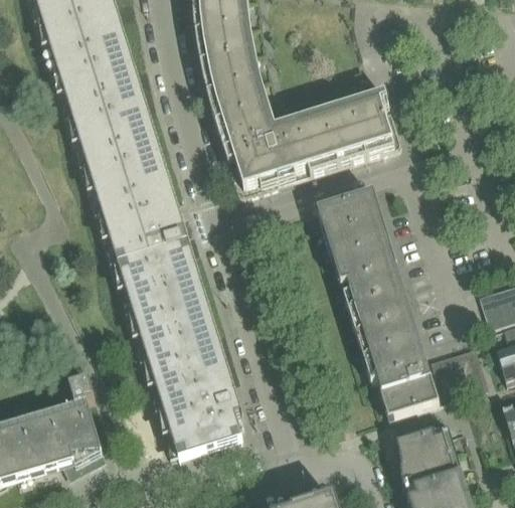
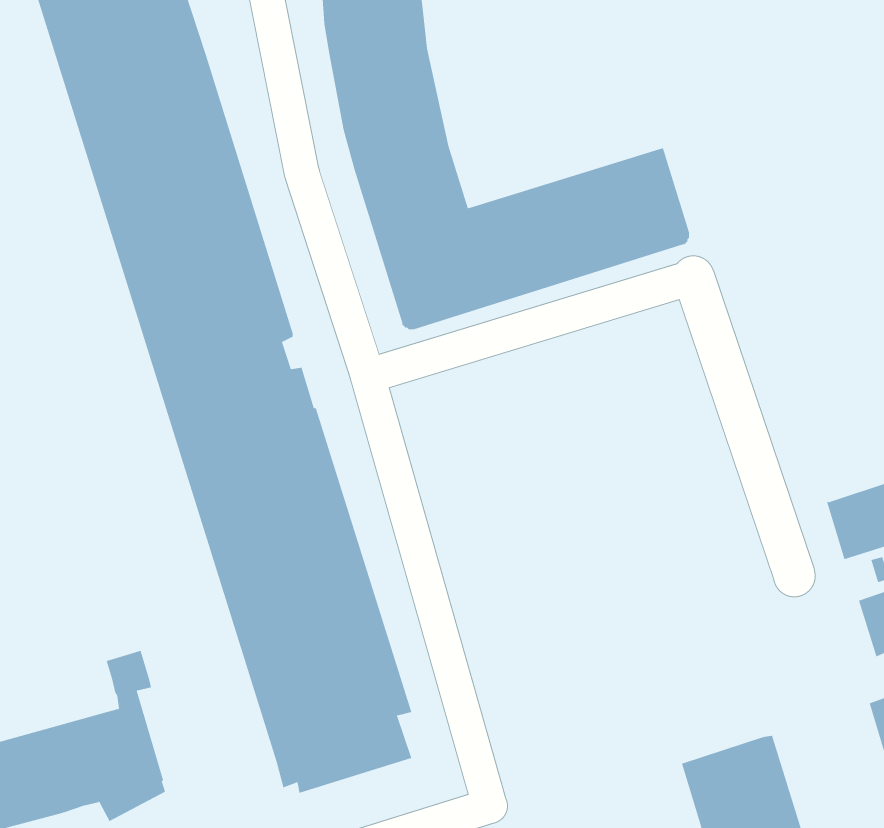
building: [317,188,487,413] -> none

